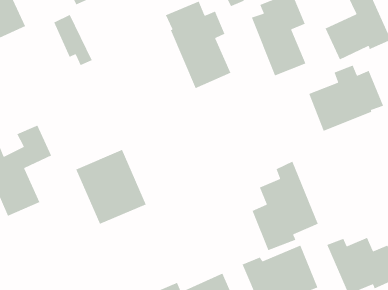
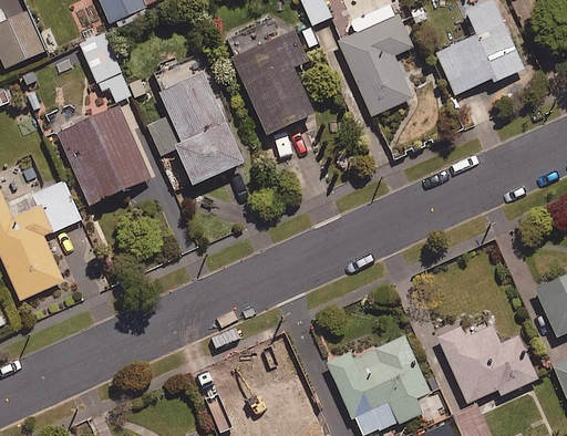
building: none -> [147,59,243,183]
building: [308,64,384,132] -> none
building: [75,149,147,225] -> [55,105,150,205]
building: [251,160,319,251] -> none

